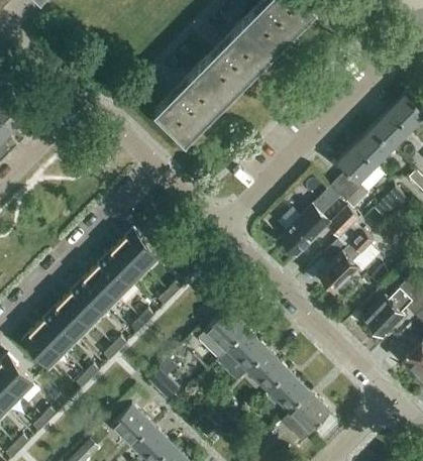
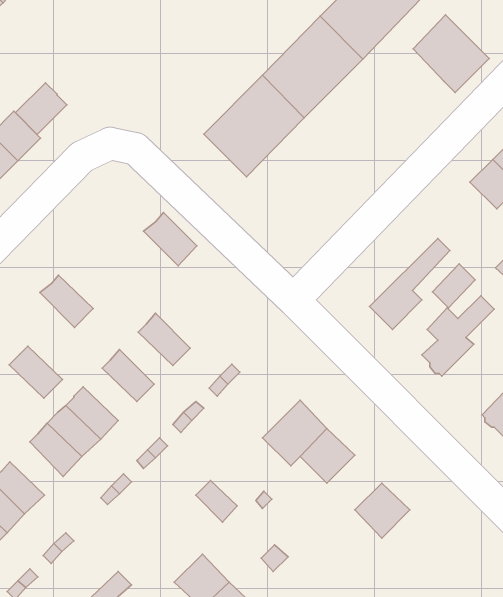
building: none -> [413,15,489,92]
building: none -> [16,83,67,135]
building: [331,146,376,211] -> none
building: [118,231,158,271] -> [143,212,197,266]
building: [91,259,131,299] -> [40,275,93,327]
building: [64,286,104,326] -> [9,346,63,398]
building: [247,352,289,393] -> none
building: [282,393,331,443] -> none
building: [111,407,153,448] -> none

